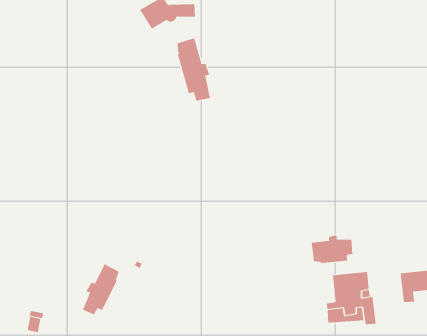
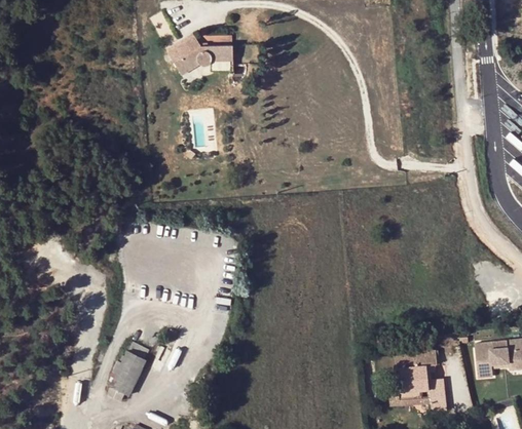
building: [177,37,211,101] -> none
building: [311,234,353,264] -> none

